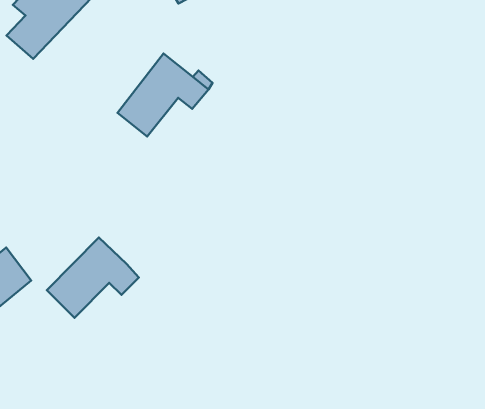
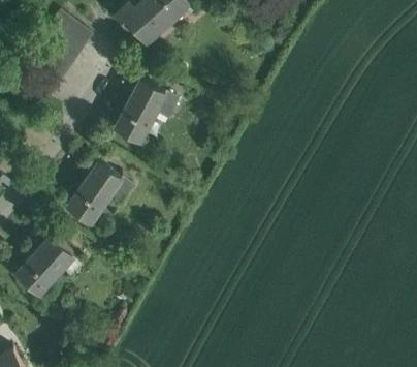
building: [47,238,139,318] -> [67,163,131,223]

